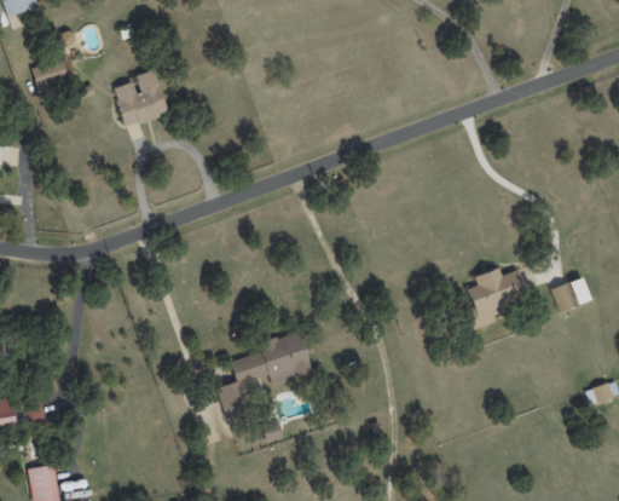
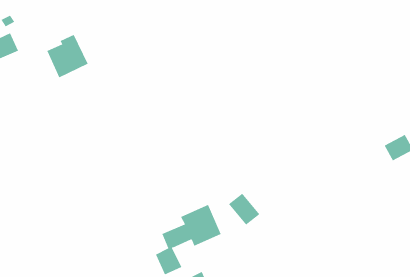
building: [467,267,527,328] -> none
building: none -> [228,193,260,225]

